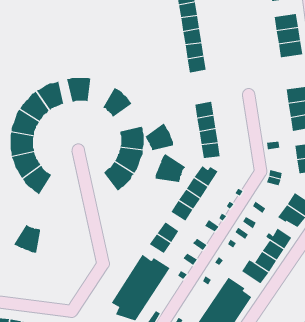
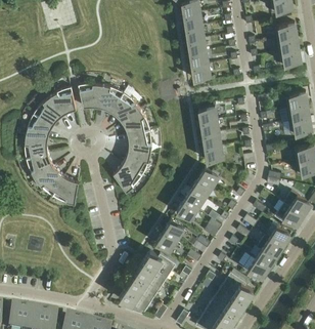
building: none -> [97,80,122,108]
building: [144,123,174,151] -> [121,104,148,130]
building: [155,153,186,183] -> none
building: [13,224,41,253] -> [51,171,78,199]

